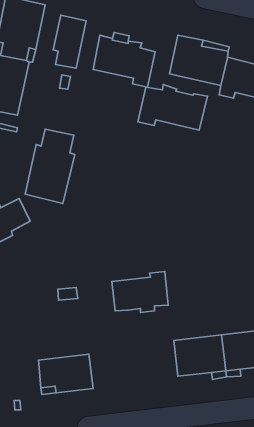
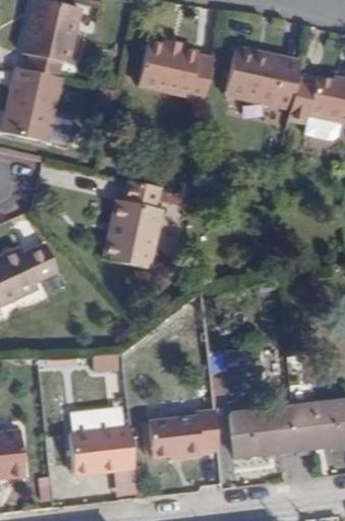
building: [53,15,86,68] -> none
building: [138,85,208,130] -> none
building: [25,129,75,203] -> [105,180,165,270]
building: [112,271,168,313] -> [152,410,220,460]

